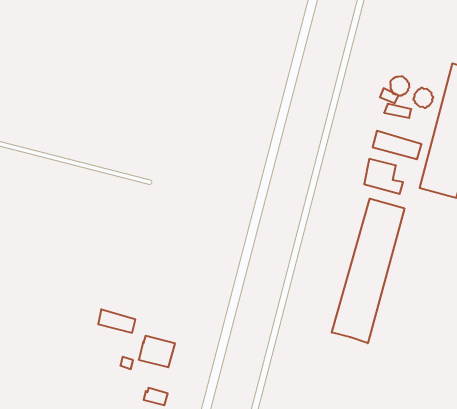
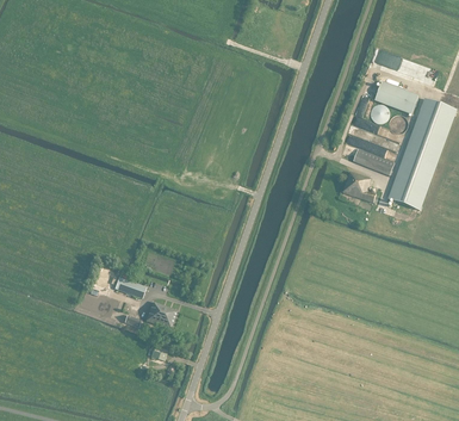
building: none -> [372,81,416,113]
building: [332,199,404,343] -> none

